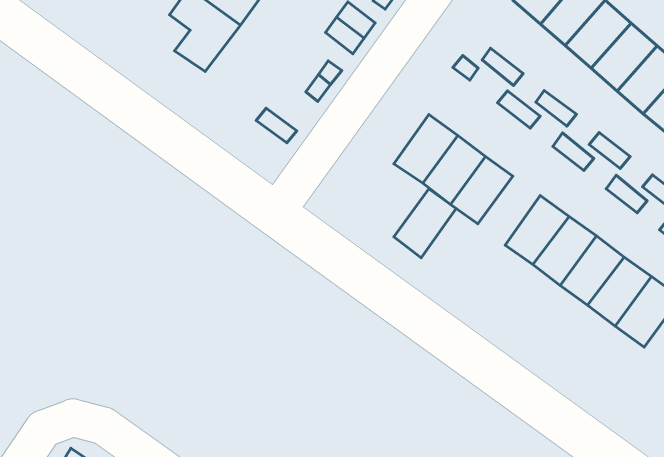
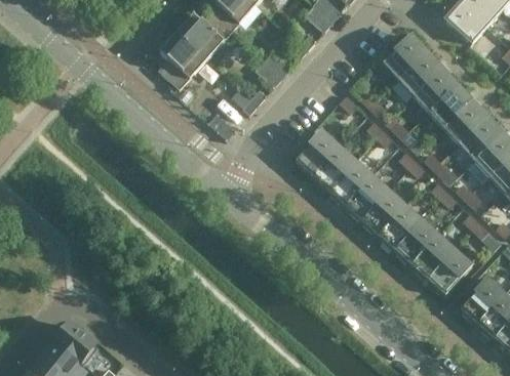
building: [394,189,456,258] -> [346,175,388,219]

